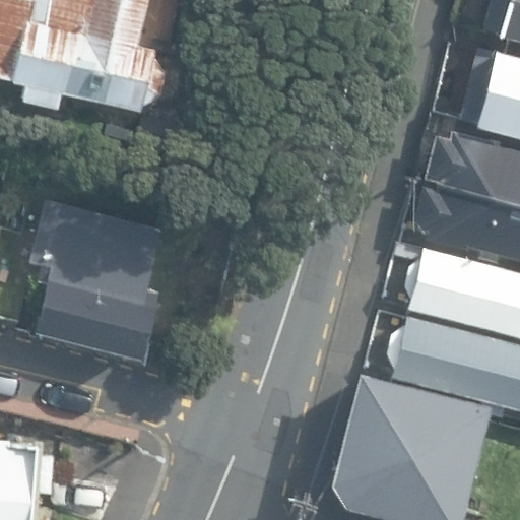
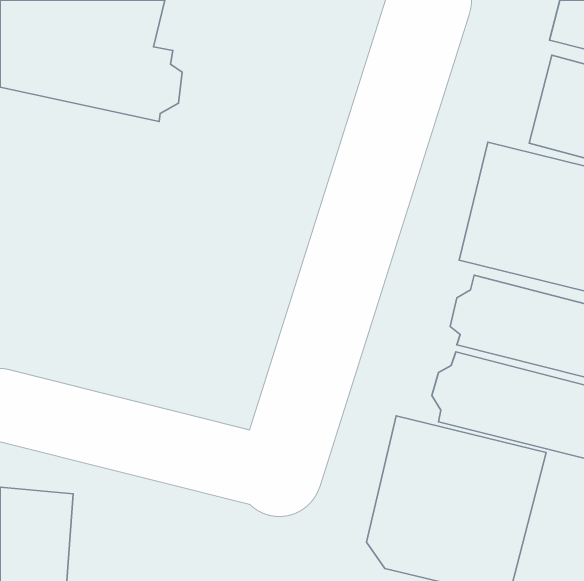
building: [28,198,180,362] -> none

